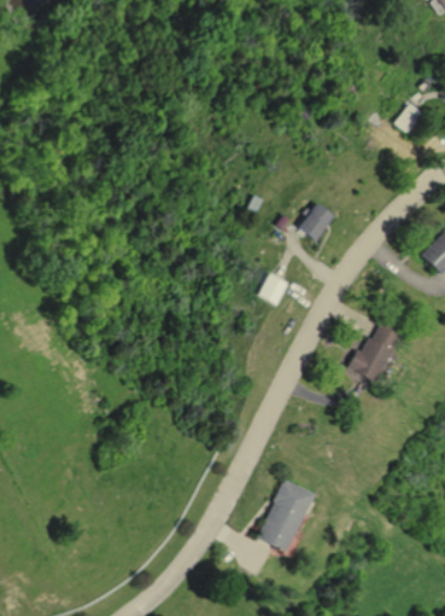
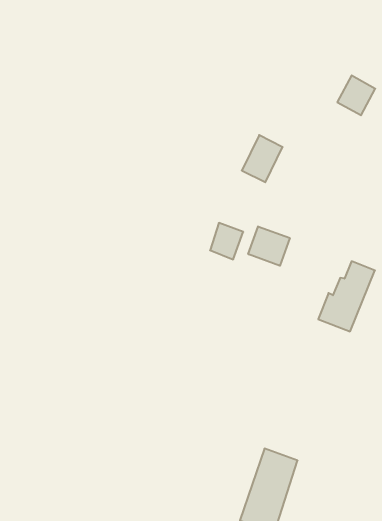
building: [397,101,432,138] -> [337,75,375,115]
building: none -> [248,226,290,266]

